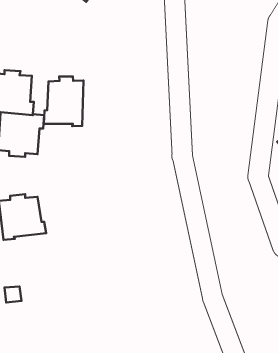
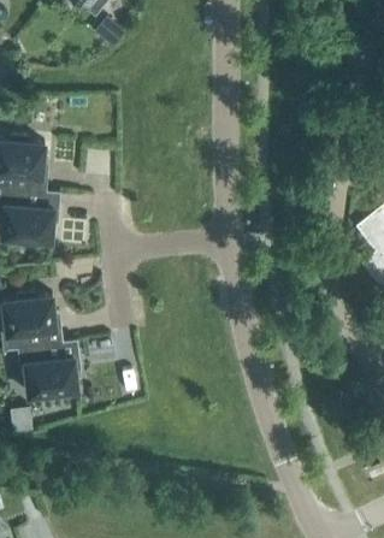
building: [44,76,83,126] -> none
building: none -> [22,342,78,401]

